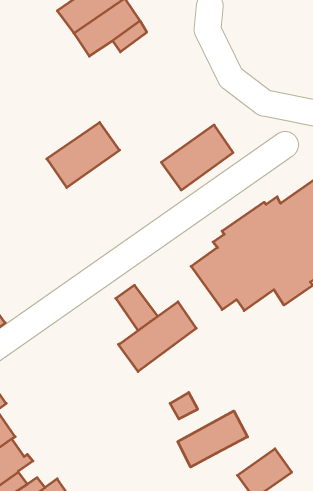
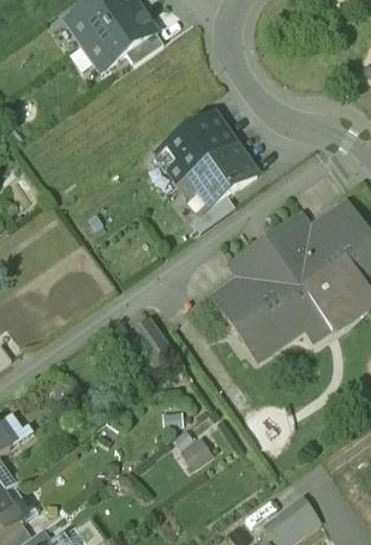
building: [47,122,120,188] -> [156,113,235,184]
building: [118,302,196,372] -> none
building: [178,411,248,467] -> none

